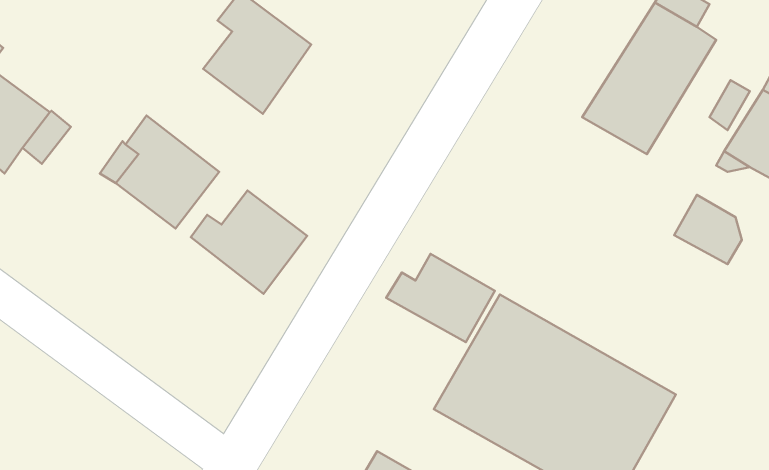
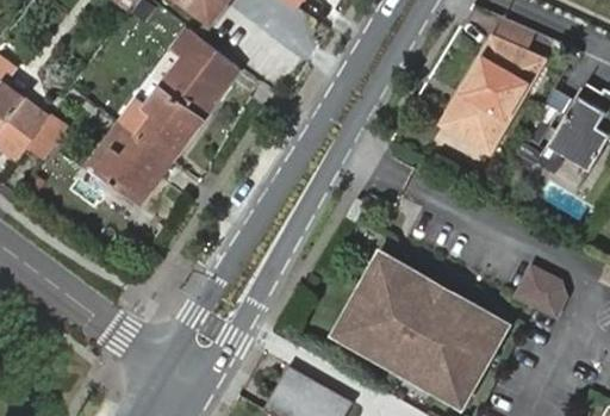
building: [191,191,307,294] -> [119,83,205,160]
building: [674,195,742,264] -> [516,267,566,318]
building: [386,254,495,342] -> none

